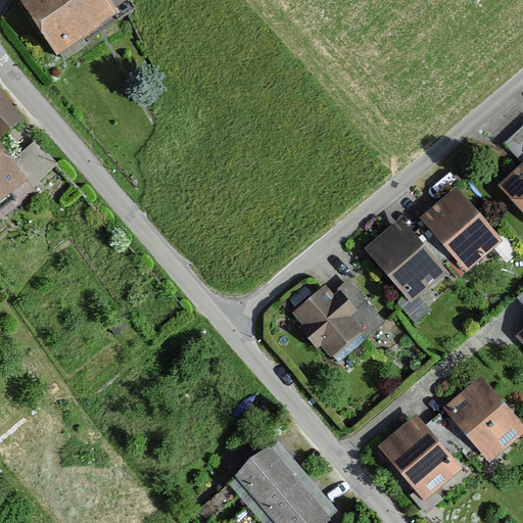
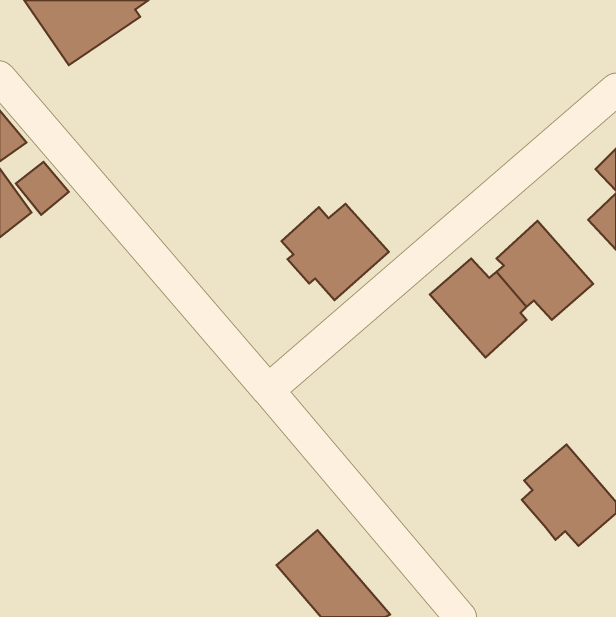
building: [292,281,383,363] -> [281,204,389,300]
building: [378,415,462,500] -> none

